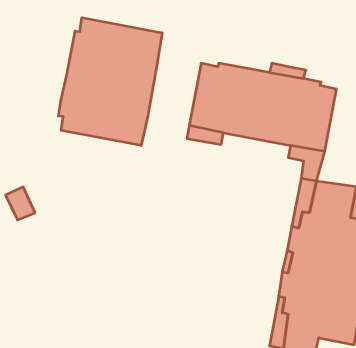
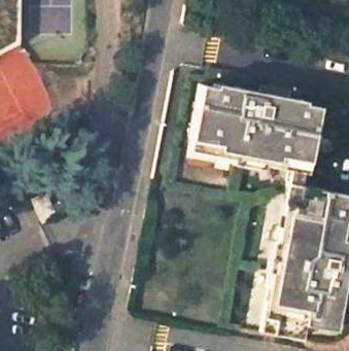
building: [58,18,162,146] -> none

